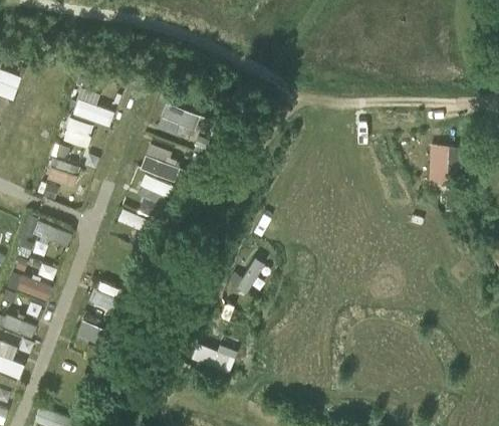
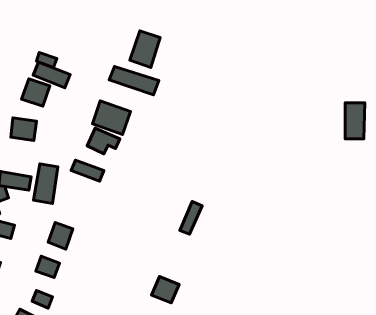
building: none -> [130,31,160,67]
building: none -> [33,164,58,203]

